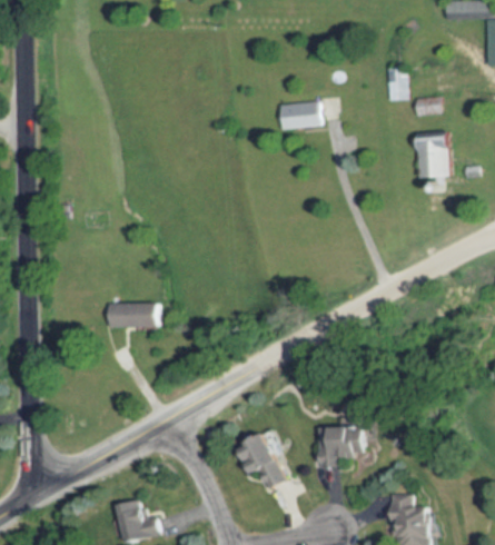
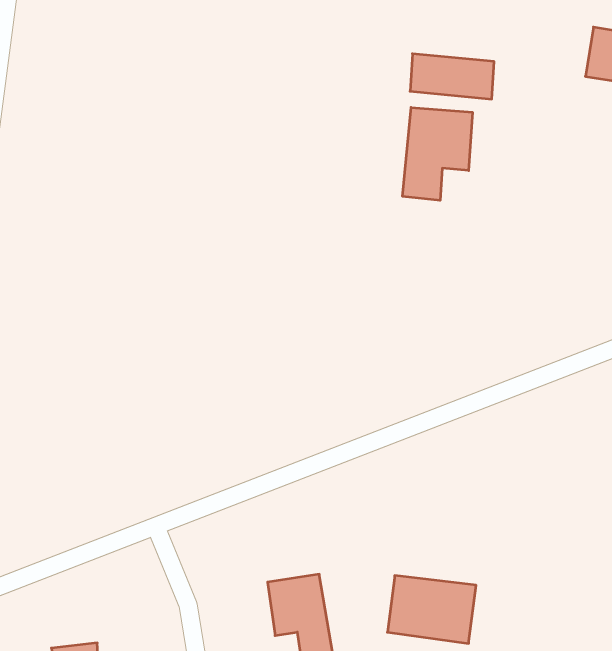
building: none -> [403,107,472,200]
building: [108,301,159,327] -> none

